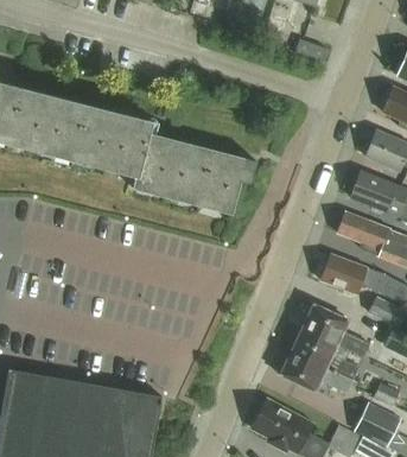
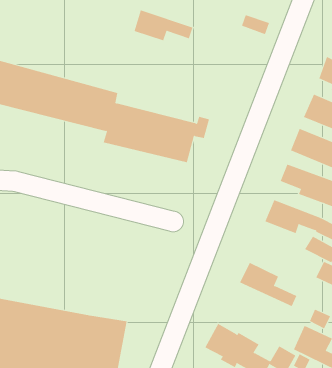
building: none -> [134,9,193,41]
building: [304,304,370,357] -> none
building: [281,351,354,393] -> none

